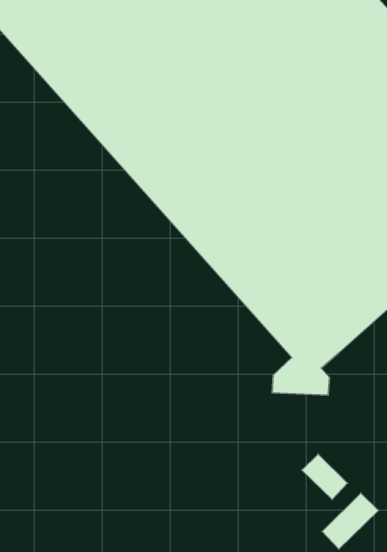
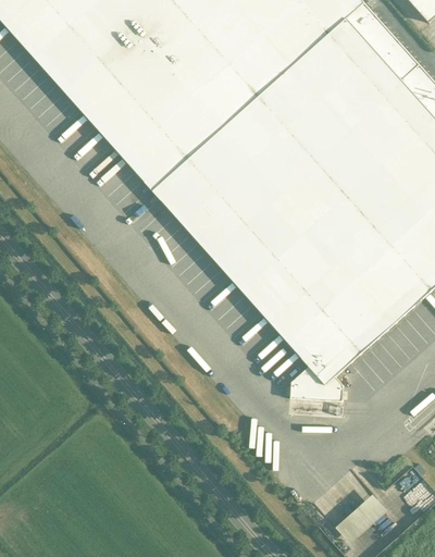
building: [302,454,347,499] -> none

